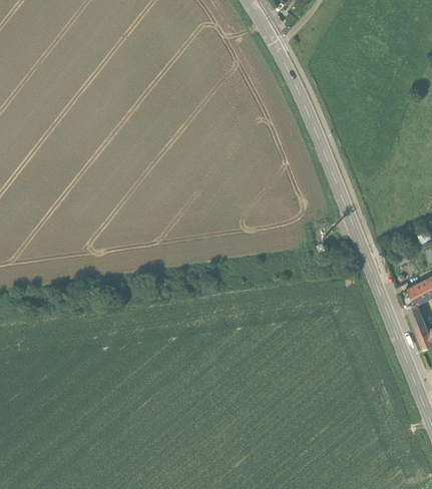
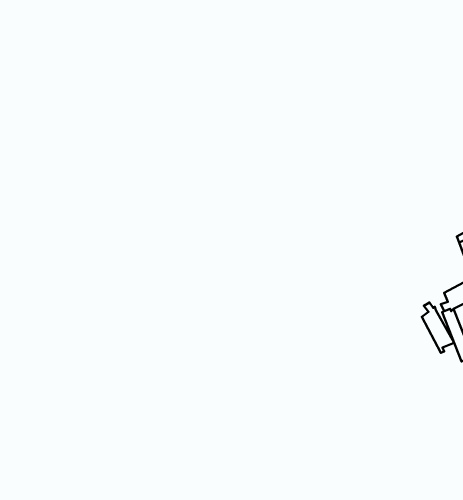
building: none -> [422,302,454,353]

